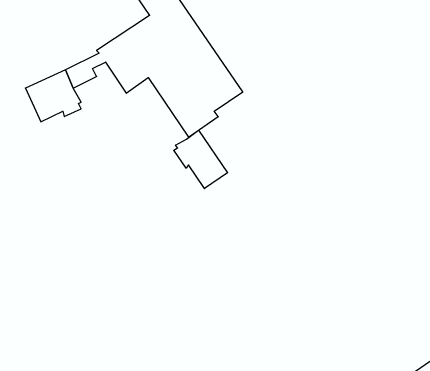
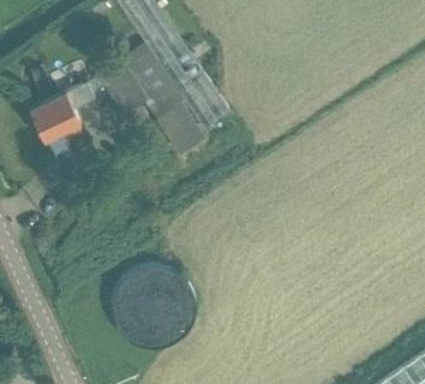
building: [174,130,228,189] -> none

